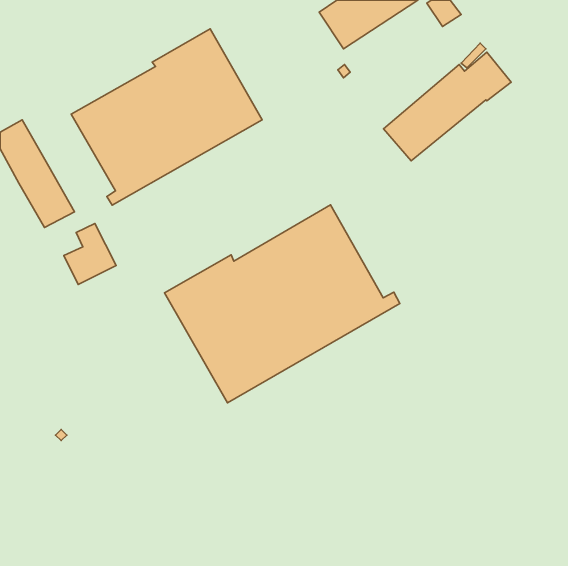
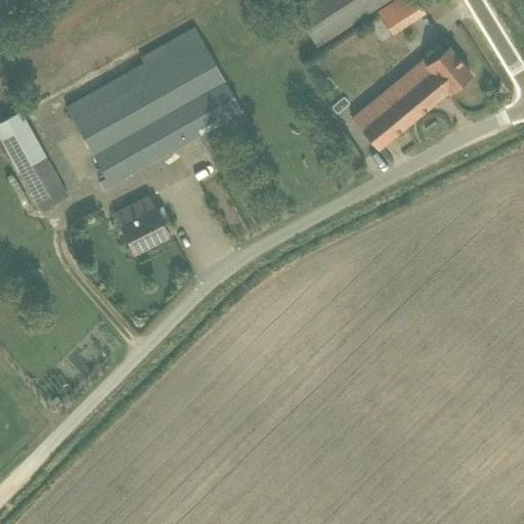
building: [164,205,400,403] -> none
building: [64,223,116,285] -> [120,198,168,254]

